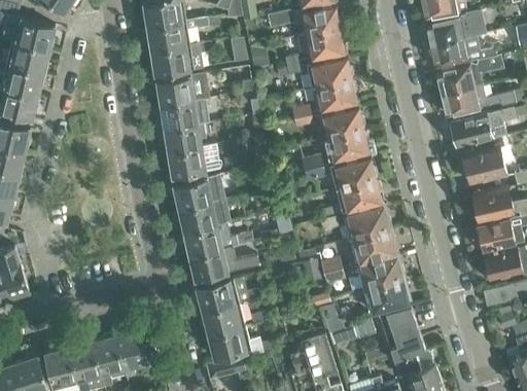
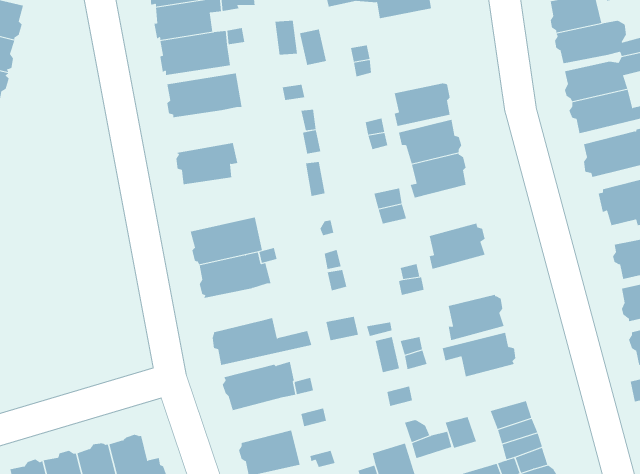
building: [297,29,347,60] -> none
building: [309,58,353,88] -> none
building: [161,99,209,131] -> none
building: [167,146,221,178] -> none
building: [332,157,378,189] -> none
building: [345,207,391,239] -> none
building: [182,223,253,257] -> none
building: [367,280,408,313] -> none
building: [202,304,245,335] -> none

